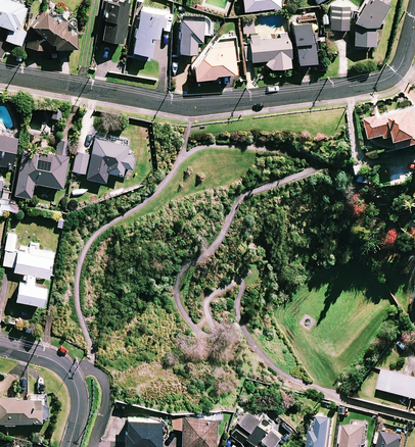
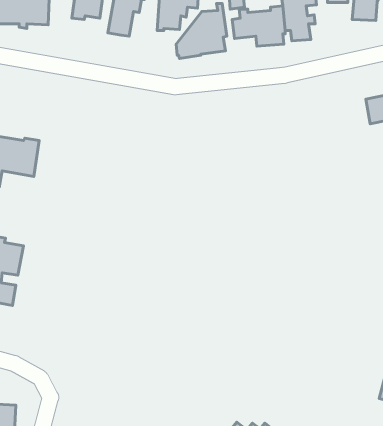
building: [73,137,134,176] -> none

